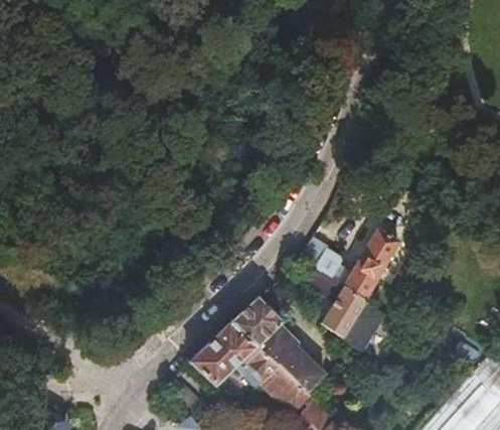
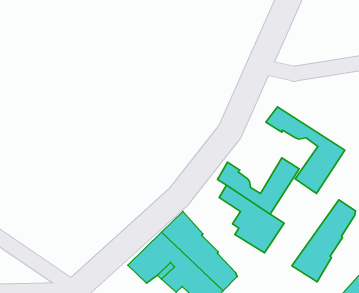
building: none -> [266,107,345,193]
building: none -> [292,200,355,282]

